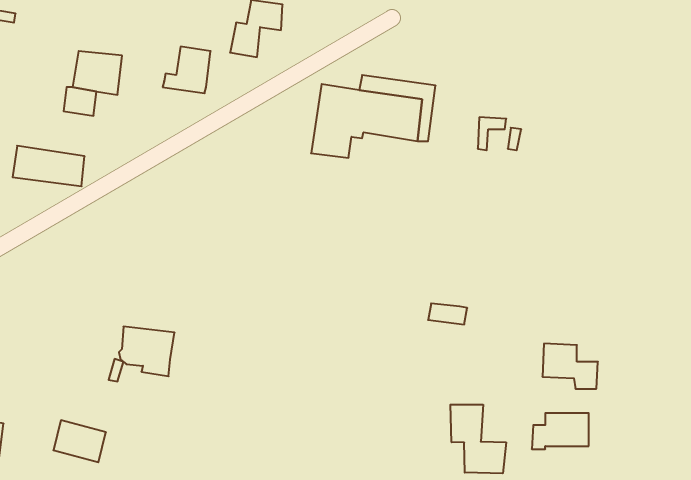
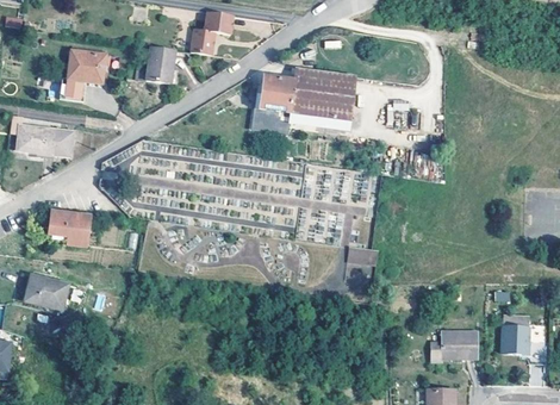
building: [119,327,175,376] -> [48,210,92,249]
building: [542,344,598,389] -> [502,325,546,361]
building: [450,405,506,473] -> none
building: [53,420,106,462] -> [23,275,64,309]

